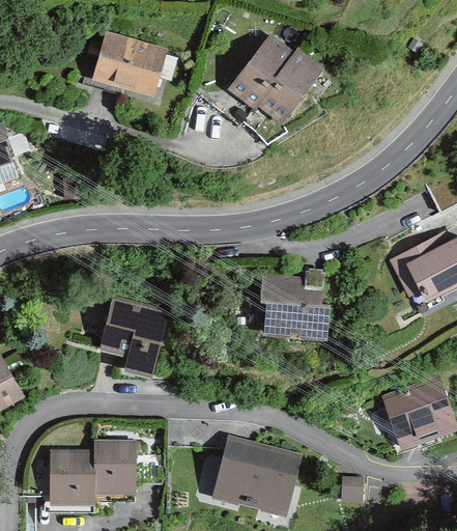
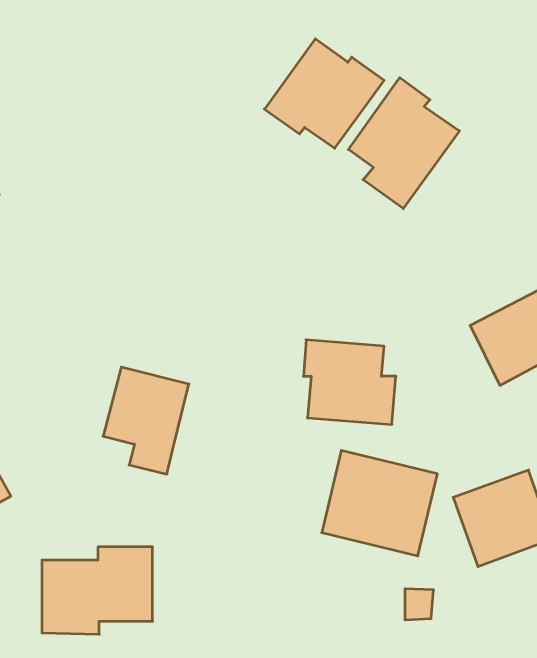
building: [93,30,169,96] -> none
building: none -> [348,78,459,209]
building: [209,435,302,519] -> [322,450,437,556]

